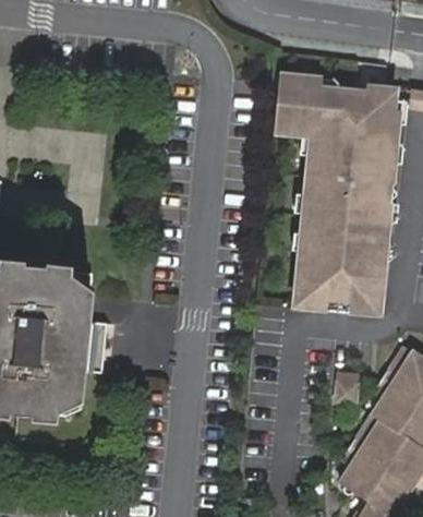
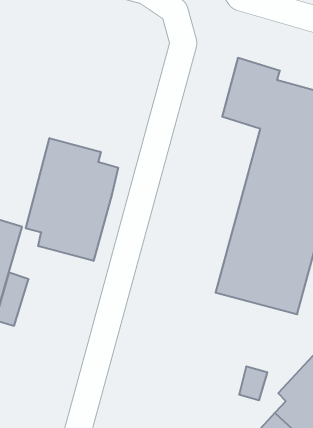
building: none -> [26,138,118,261]

